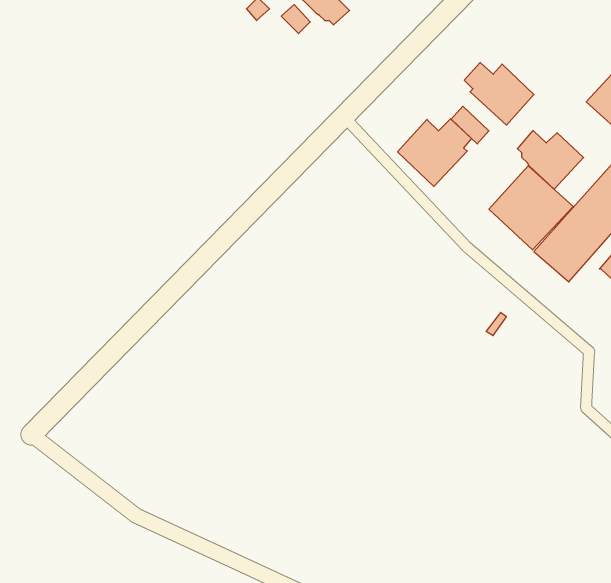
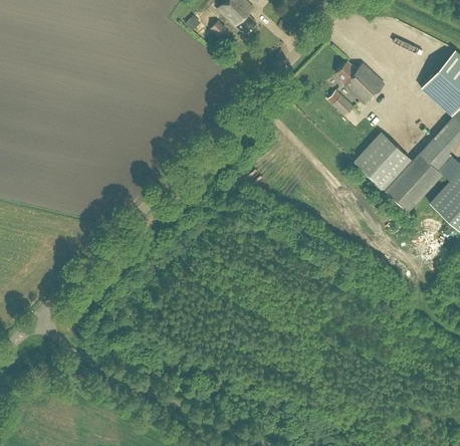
building: [398,119,471,186] -> none
building: [517,131,584,189] -> none

